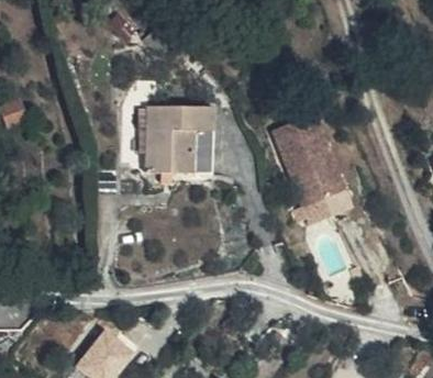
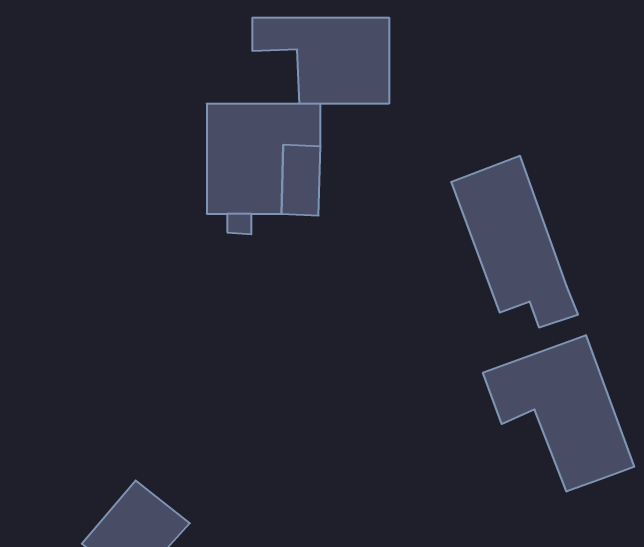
building: none -> [252,18,389,104]
building: none -> [483,335,634,492]

